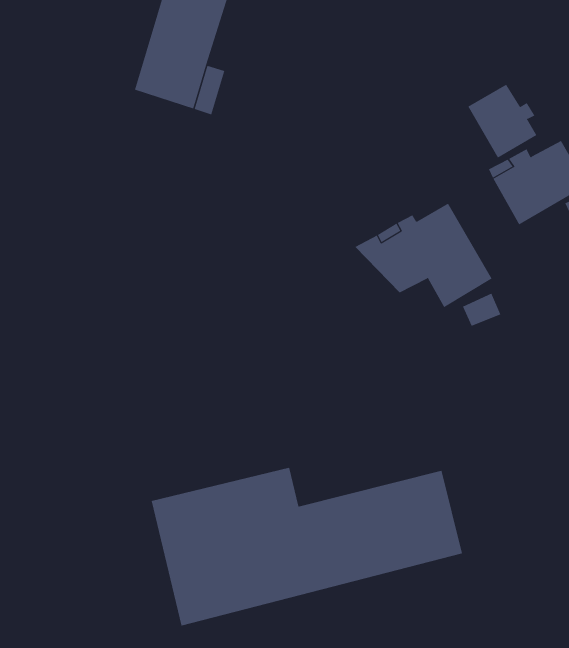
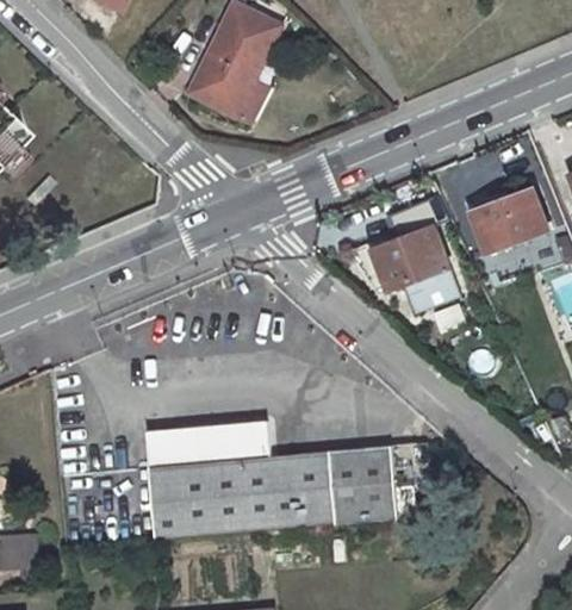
building: [468,84,537,159] -> none

